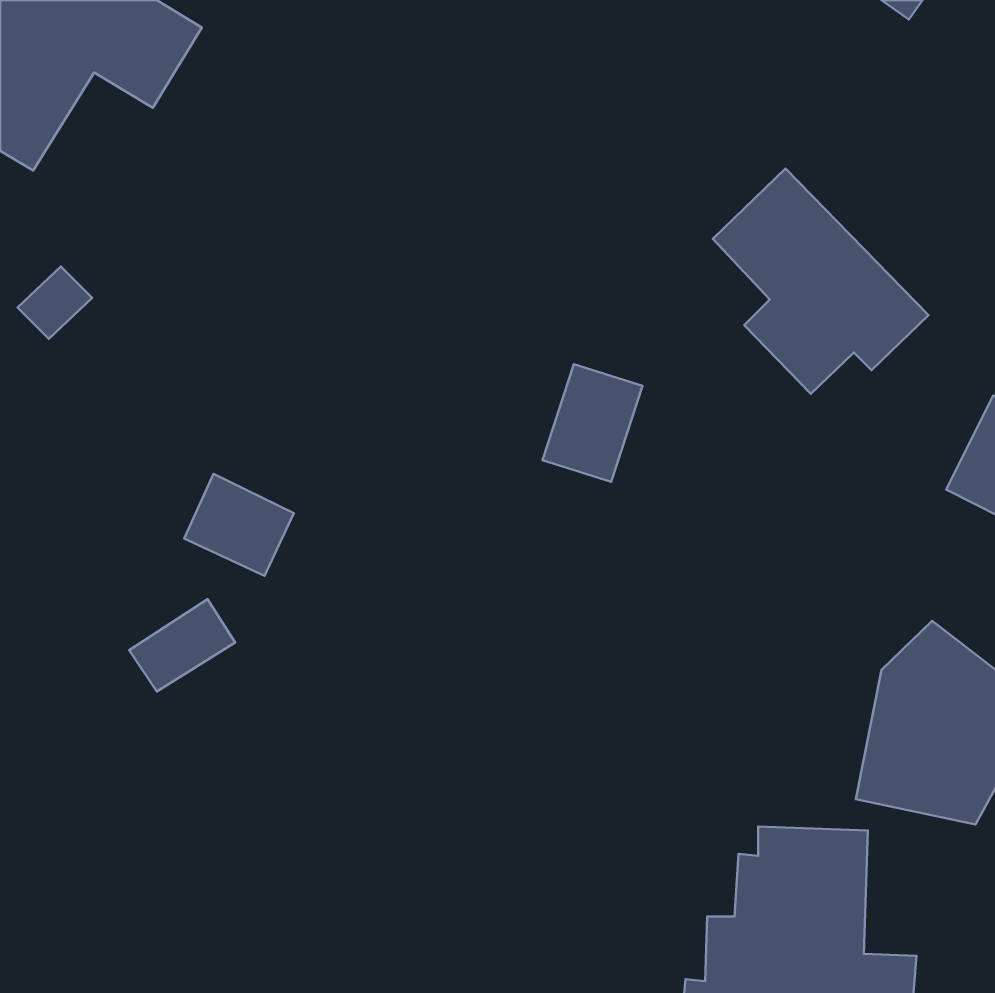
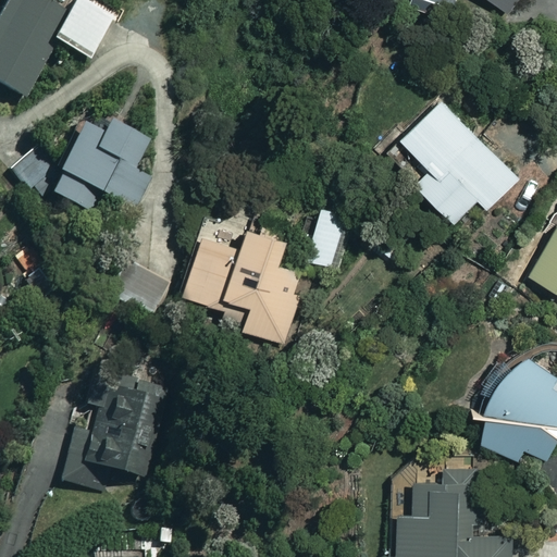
building: none -> [46,123,149,218]
building: none -> [181,222,301,344]
building: none -> [61,388,153,494]

